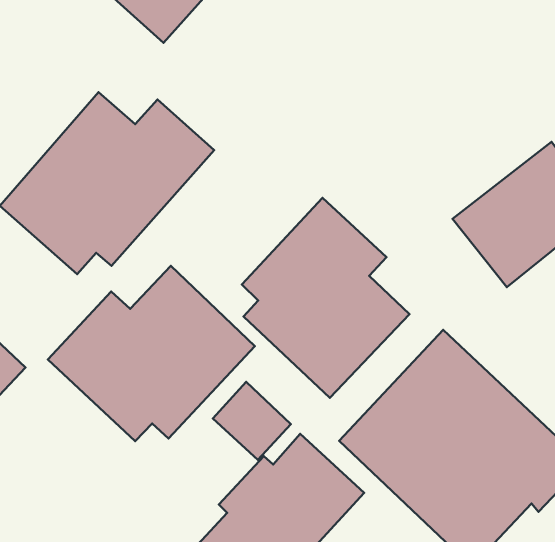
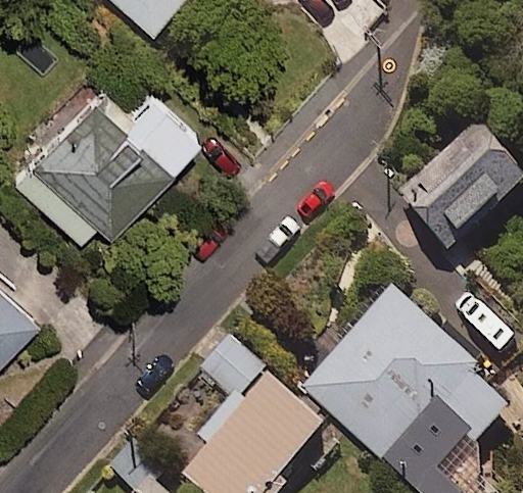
building: [242,198,410,398] -> none
building: [48,266,255,441] -> none

